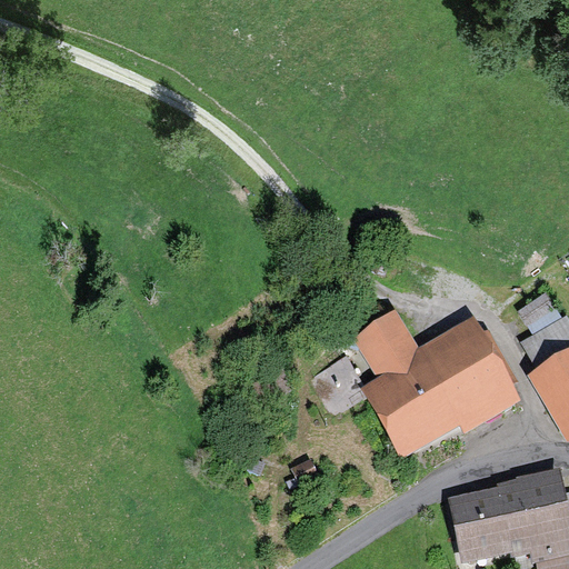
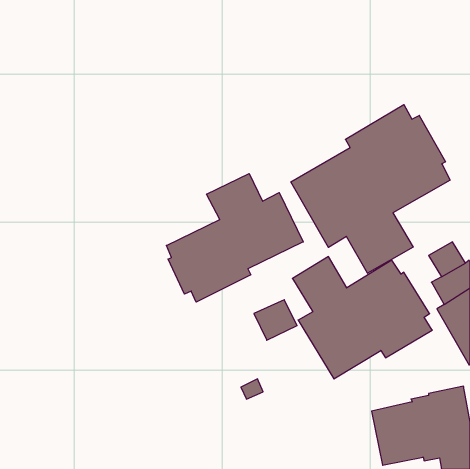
building: none -> [291,105,450,273]
building: none -> [166,174,303,302]

